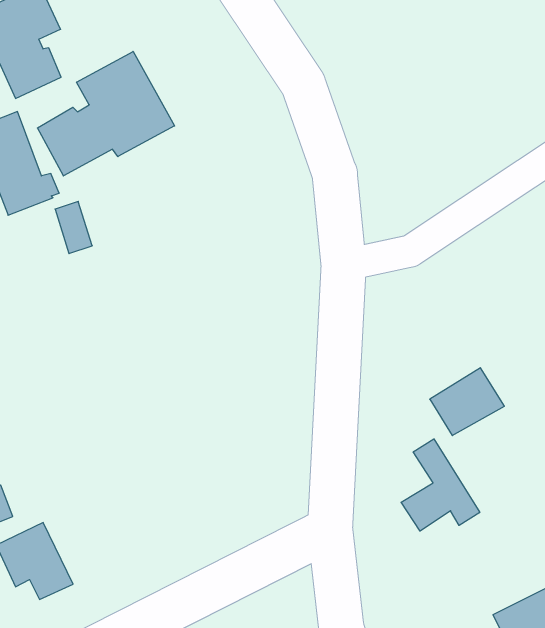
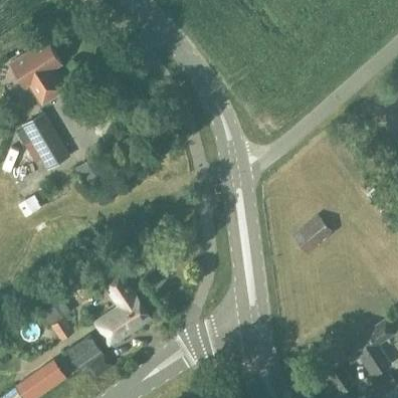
building: [37,51,175,176] -> none
building: none -> [94,275,150,342]
building: [401,439,480,531] -> none

